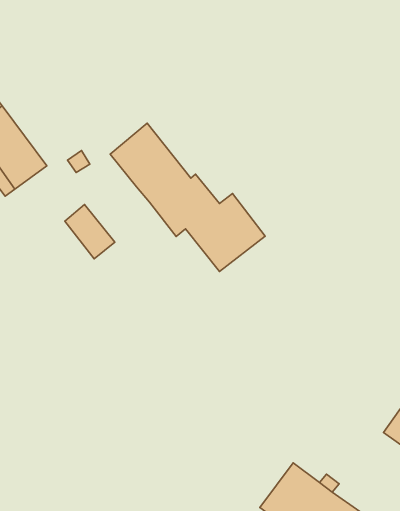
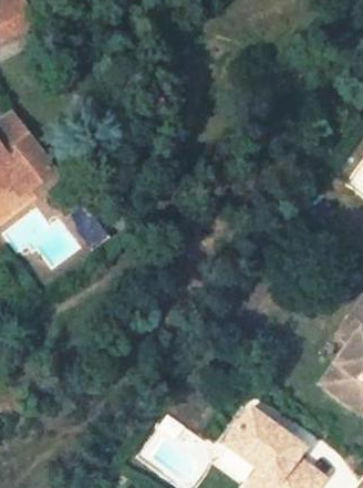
building: [110,123,265,272] -> none

